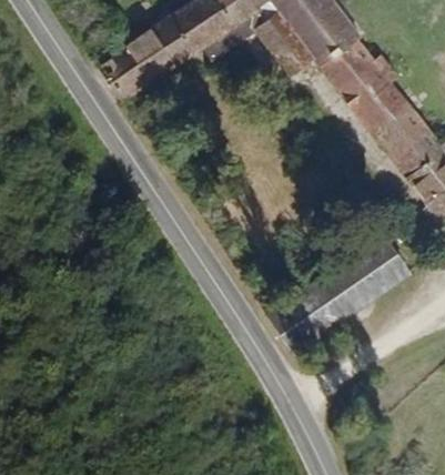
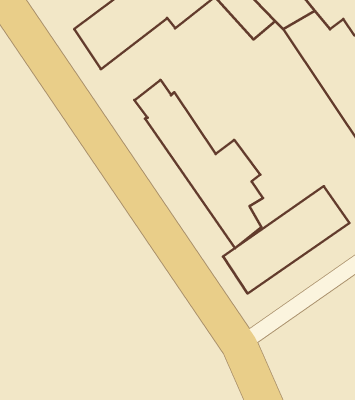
building: none -> [134,80,263,248]

